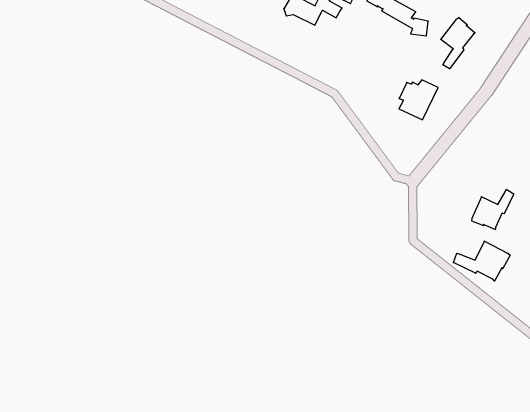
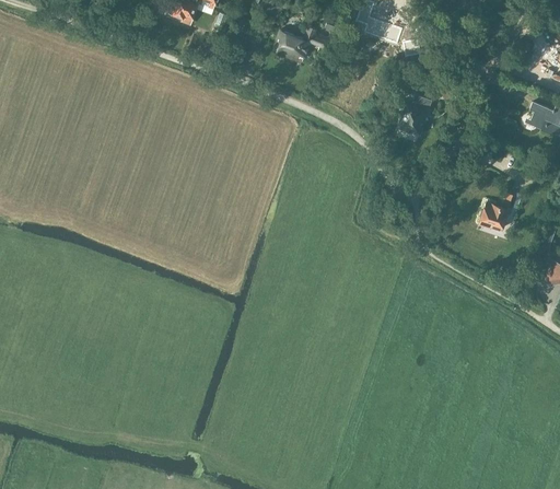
building: [441,17,475,69] -> none
building: [453,241,510,281] -> none

